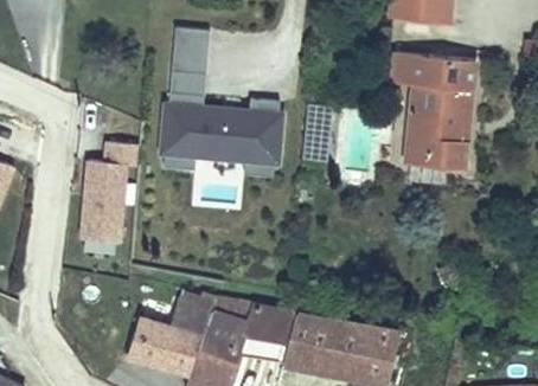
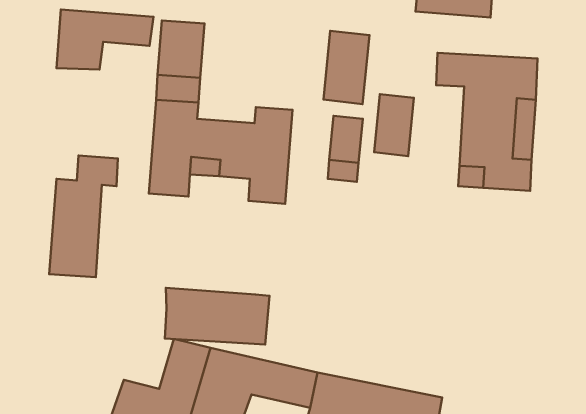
building: none -> [56,9,154,70]
building: none -> [323,31,370,104]
building: none -> [374,94,414,156]
building: none -> [165,288,269,344]

